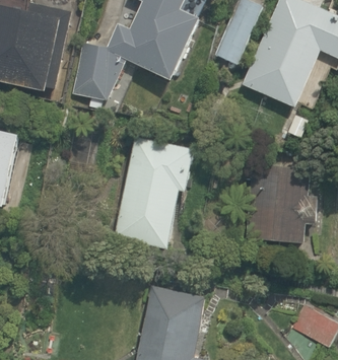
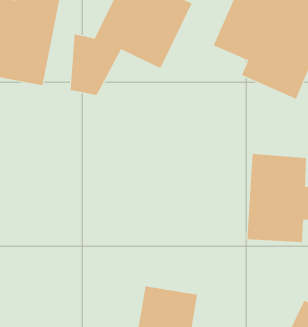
building: [114,137,196,246] -> none

